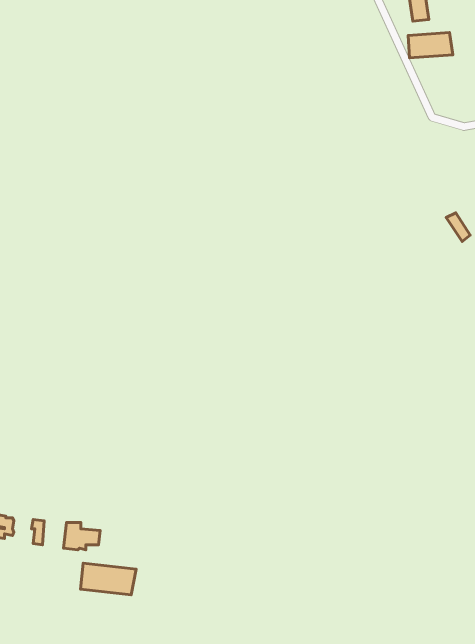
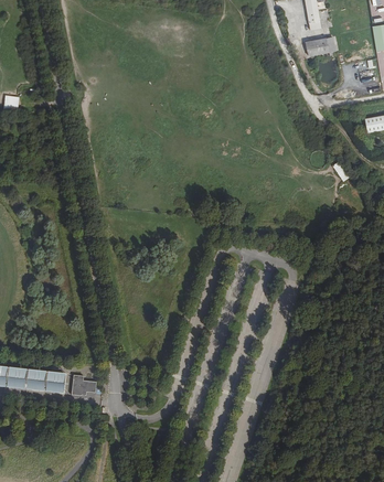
building: [80,563,136,595] -> none

